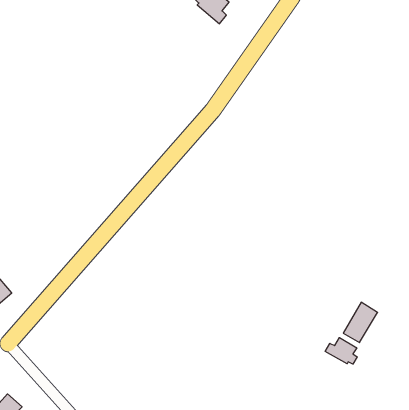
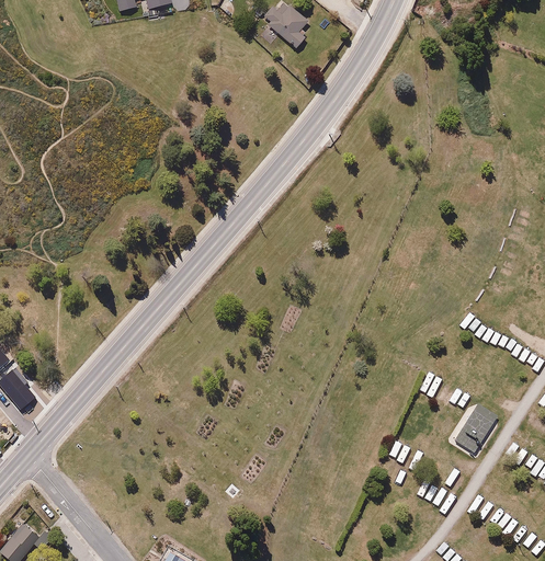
building: [325,338,357,364] -> none

